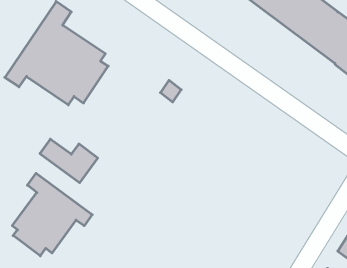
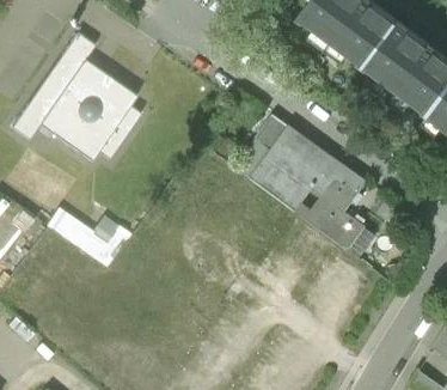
building: none -> [233,116,365,252]
building: [12,173,92,256] -> none

